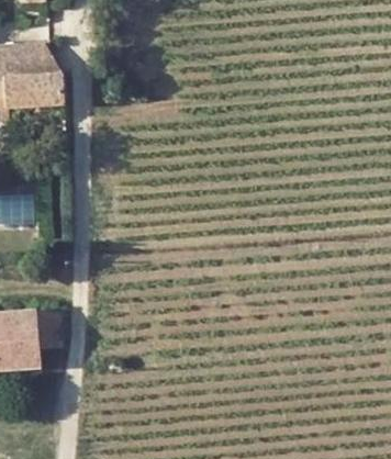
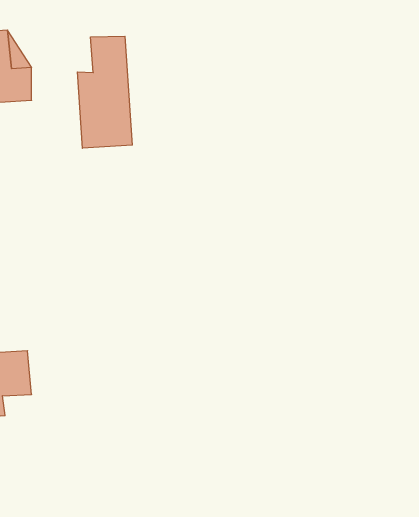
building: none -> [78,36,132,148]

